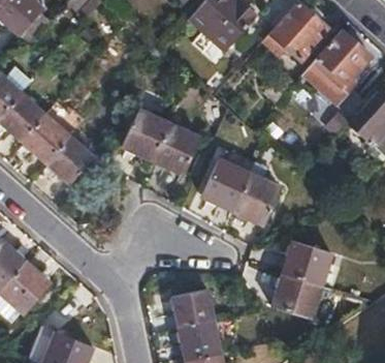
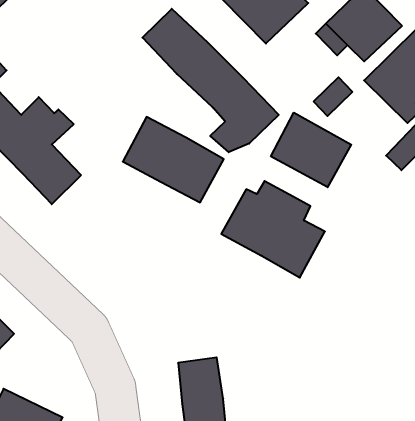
building: none -> [142,9,279,152]
building: none -> [271,113,351,187]
building: [274,241,339,316] -> none

